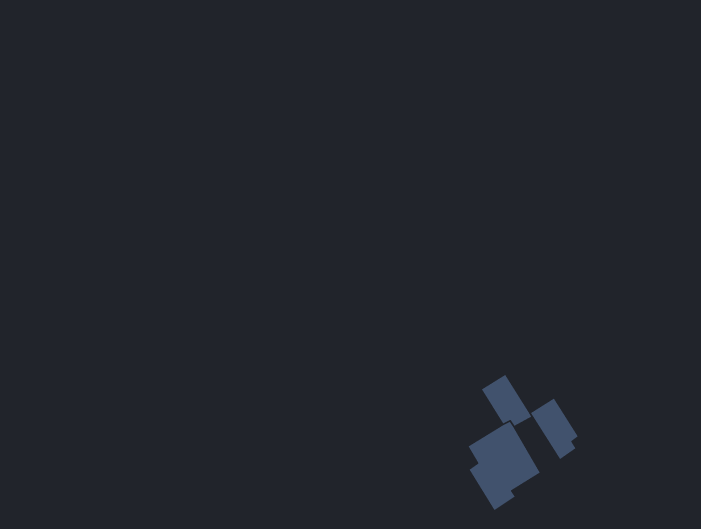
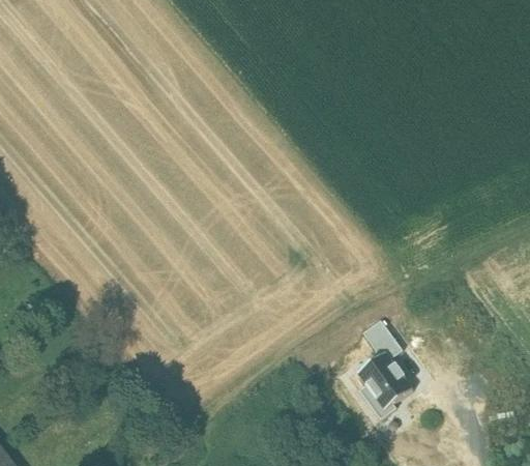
building: [530,398,579,460] -> none

